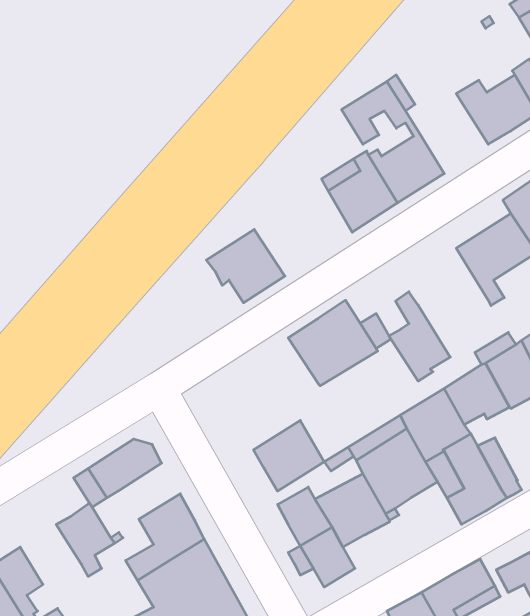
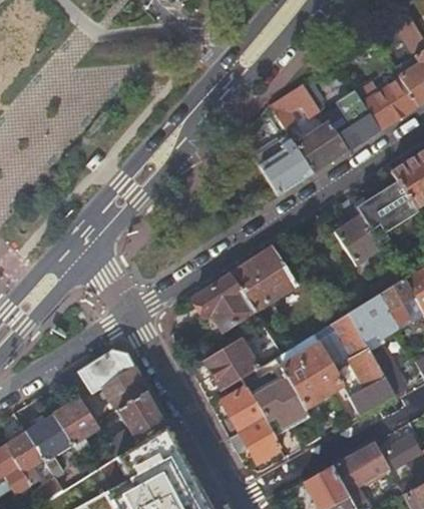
building: none -> [328,99,380,152]
building: [206,229,285,303] -> [193,276,253,331]
building: [389,292,450,381] -> [334,198,380,266]
building: none -> [103,370,148,413]
building: none -> [27,416,74,463]

